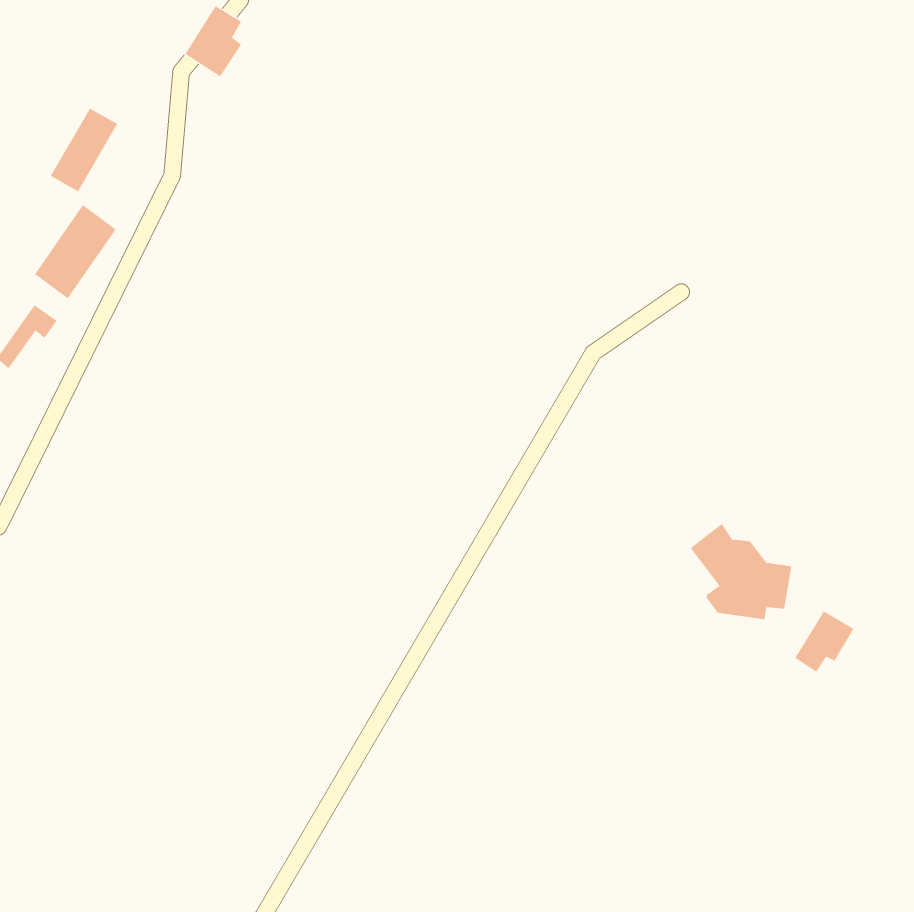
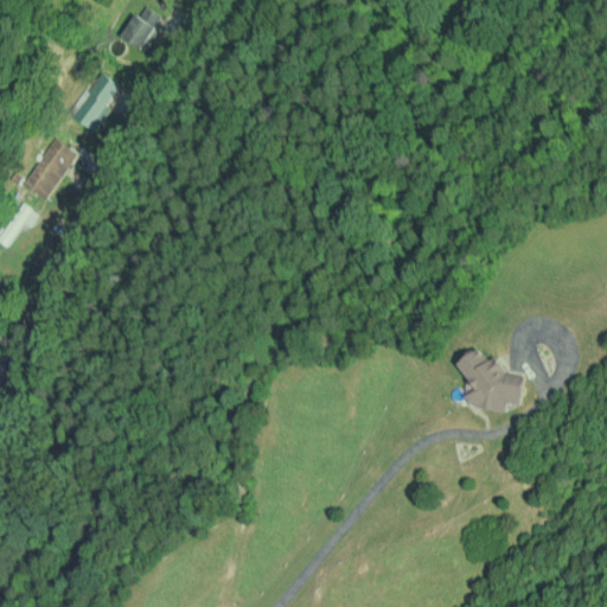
building: [50,108,118,192] -> [74,74,119,129]
building: [794,610,854,672] -> none

